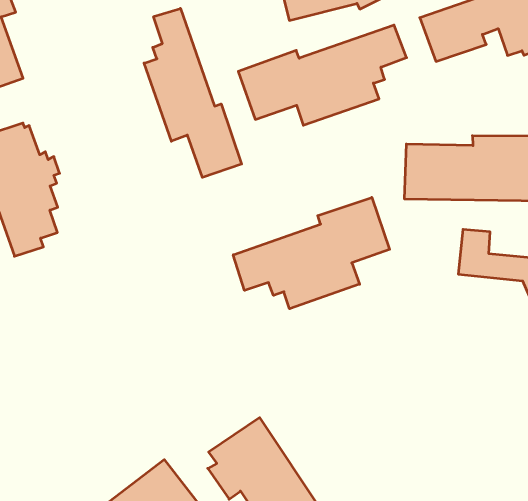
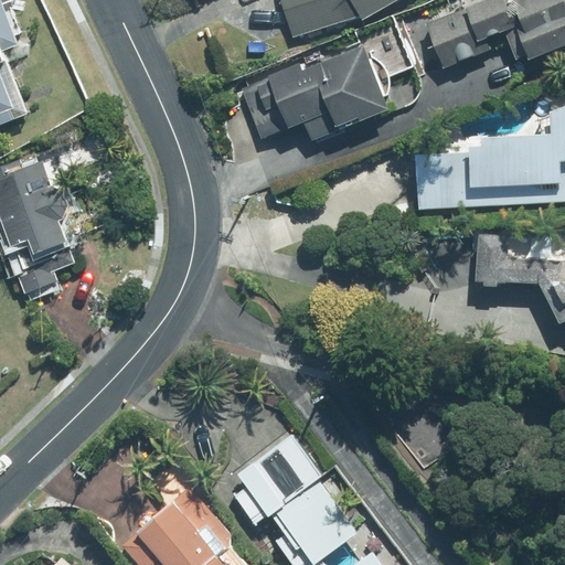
building: [144,8,242,177] -> none
building: [233,197,390,309] -> none

